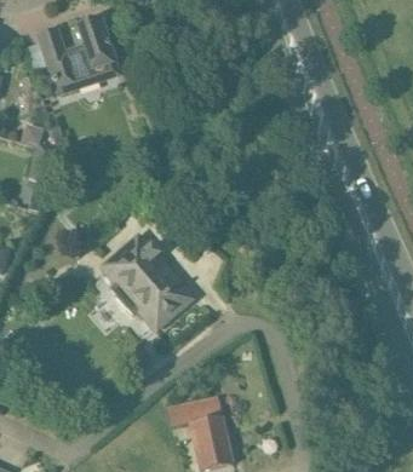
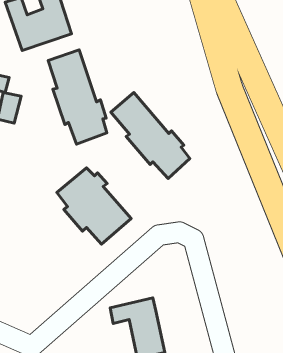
building: none -> [48,50,107,144]
building: none -> [111,92,190,178]

